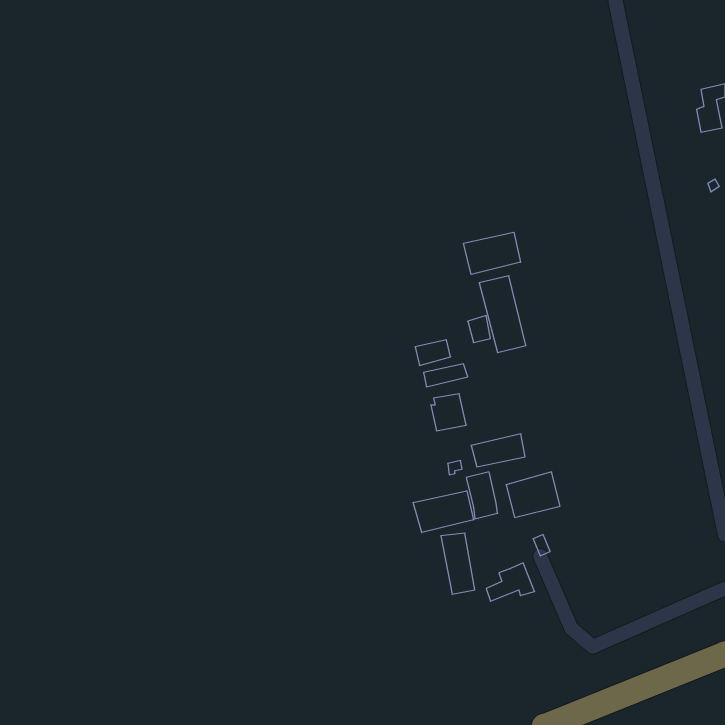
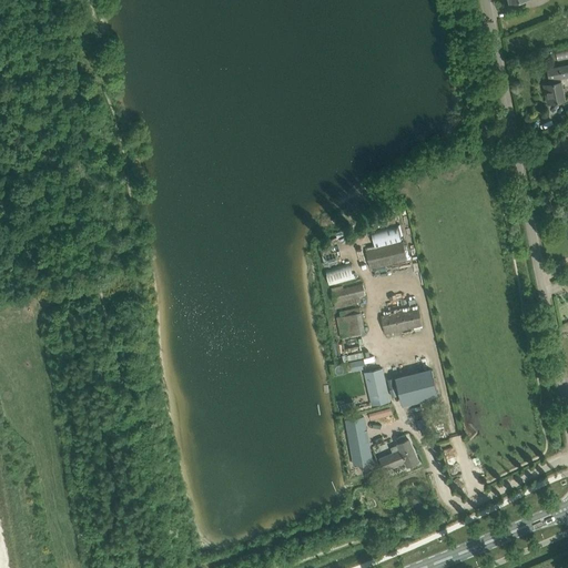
building: [464,232,521,274] -> none
building: [471,434,525,467] -> [379,308,422,334]
building: [413,491,473,533] -> none

